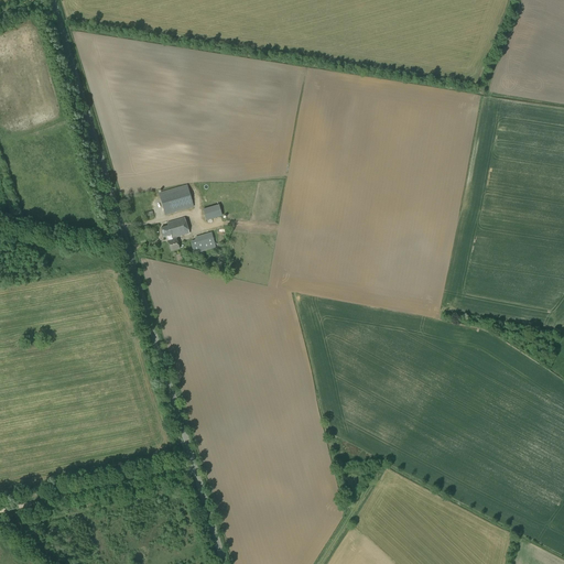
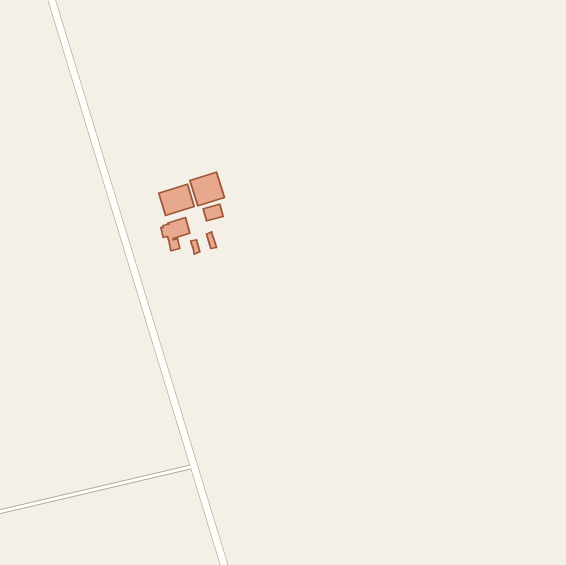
building: none -> [190,172,224,206]

